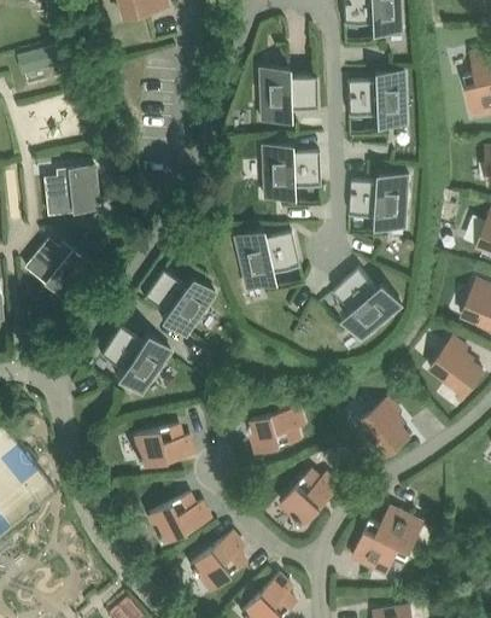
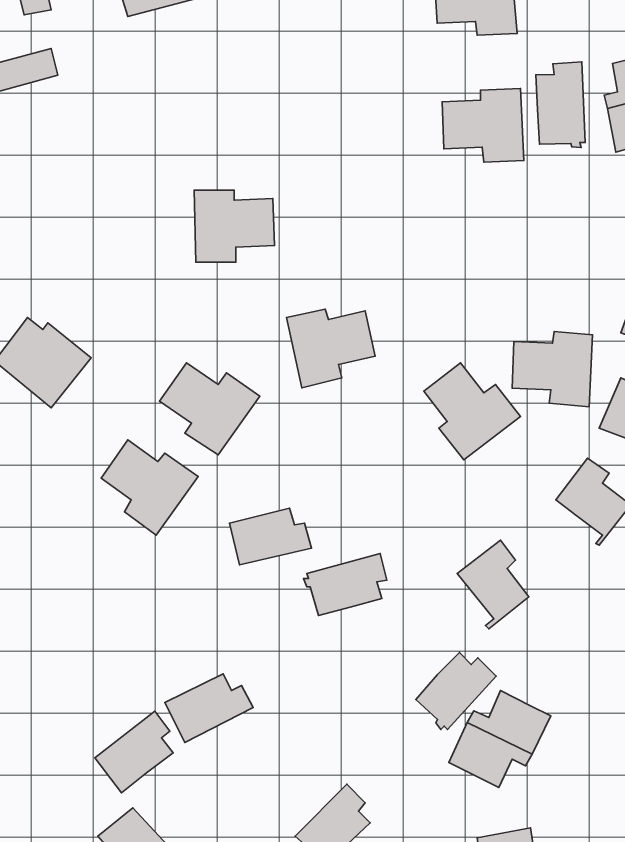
building: none -> [536,62,585,148]
building: [259,68,318,121] -> none
building: [263,145,321,197] -> [194,190,274,262]
building: [43,164,100,216] -> none
building: [351,174,409,228] -> [512,331,592,407]
building: [135,425,194,466] -> [229,508,311,565]
building: [282,470,340,525] -> [416,653,496,730]
building: [189,531,246,590] -> [95,711,173,793]

